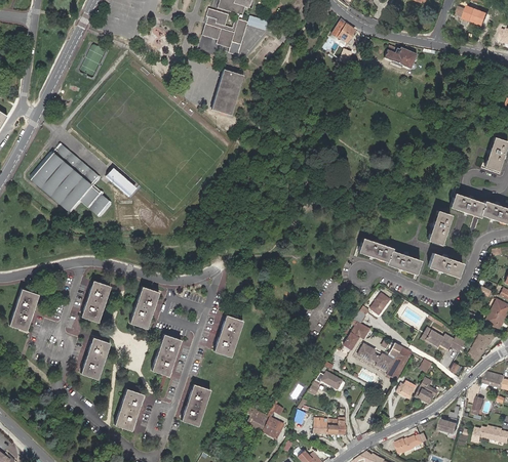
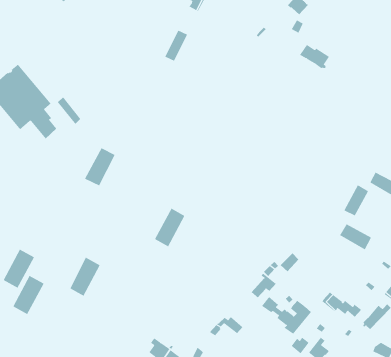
building: [384,45,417,69] -> [299,44,330,70]
building: [221,70,243,116] -> none
building: [357,238,420,274] -> none
building: [81,280,110,322] -> none
building: [129,287,158,328] -> [84,148,116,186]
building: [213,314,242,356] -> [154,208,185,247]
building: [181,383,209,426] -> none
building: [114,388,144,430] -> [12,275,44,315]

